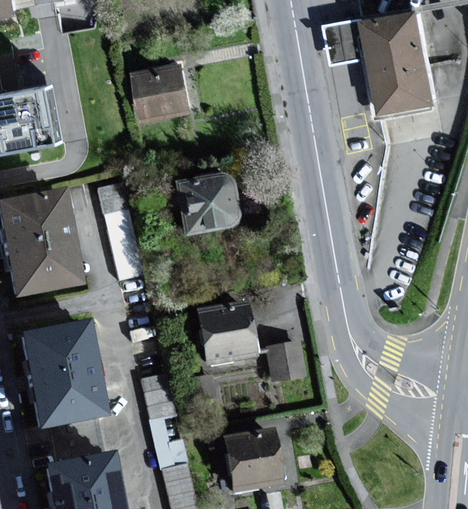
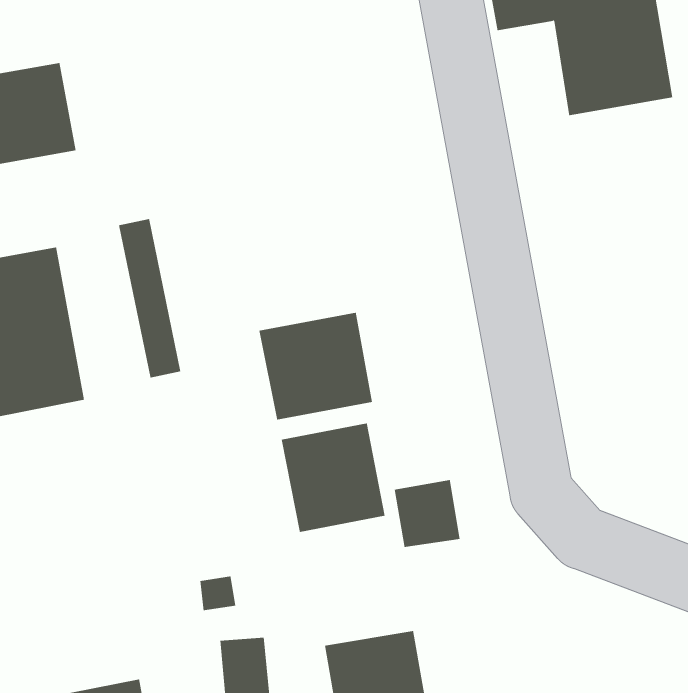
building: [136,61,196,123] -> none
building: [171,171,240,236] -> [258,312,373,420]
building: [34,325,103,427] -> none

